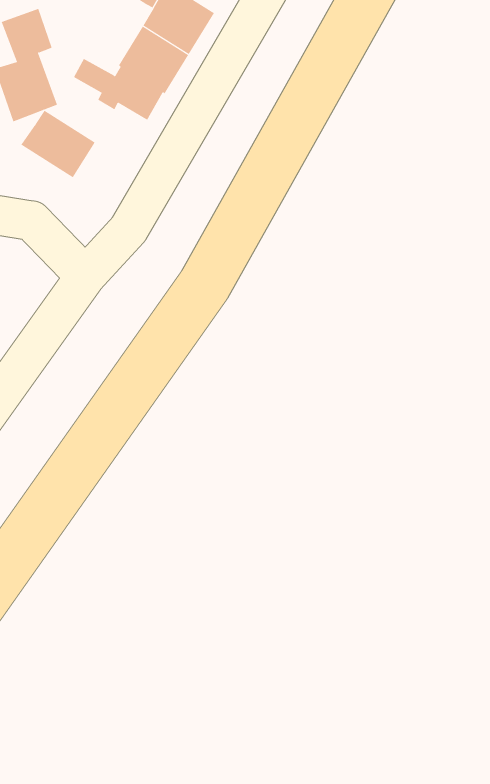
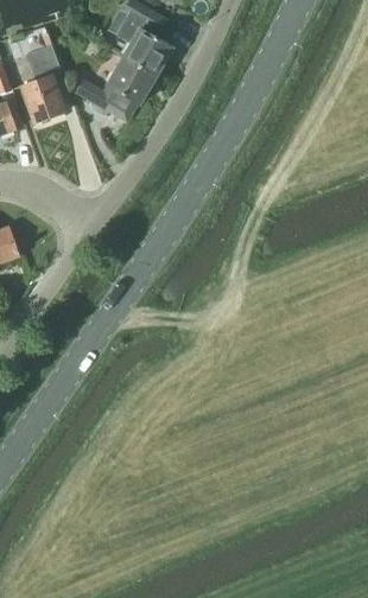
building: [21,110,96,178] -> none

